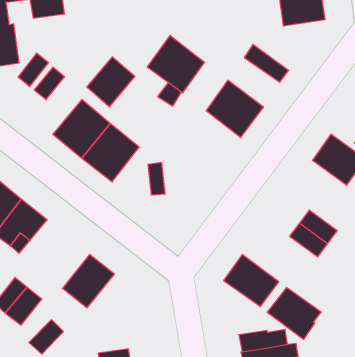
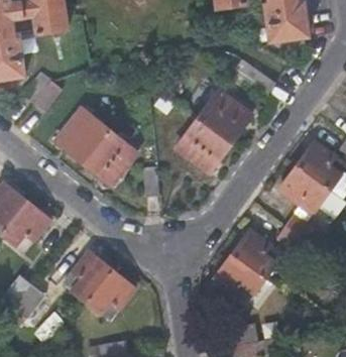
building: [147,35,205,93] -> [177,119,230,172]
building: [87,57,135,107] -> none
building: none -> [279,165,329,213]
building: none -> [87,271,135,321]
building: [267,287,321,339] -> [231,230,281,278]

